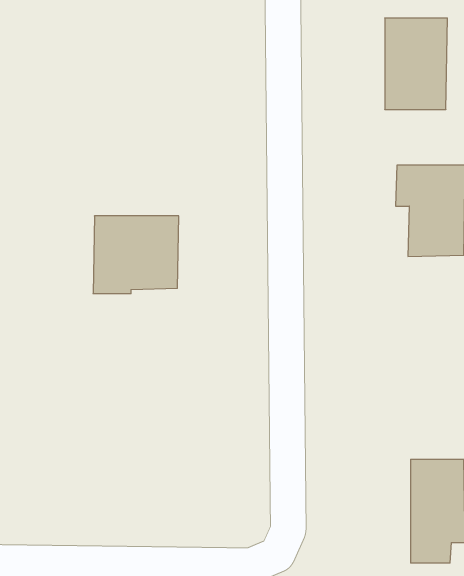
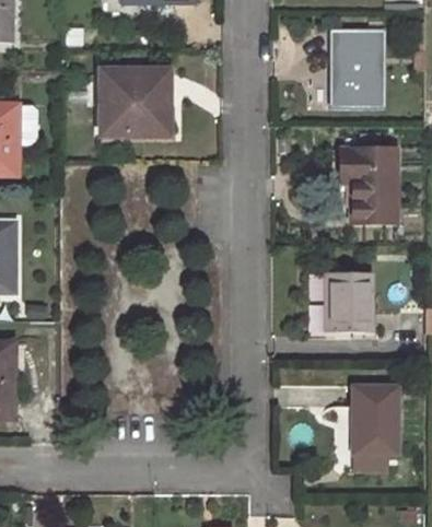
building: [93,216,179,294] -> [102,70,171,132]
building: none -> [327,272,371,331]

